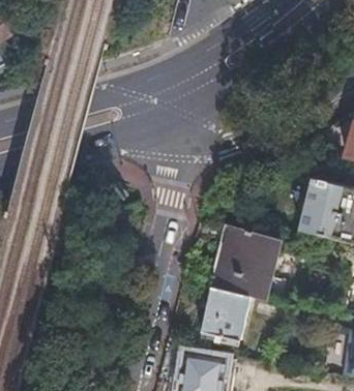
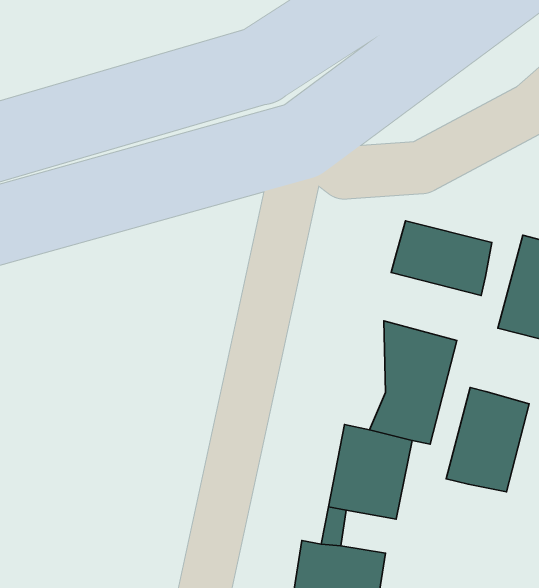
building: none -> [391,221,492,296]
building: none -> [446,387,529,492]

